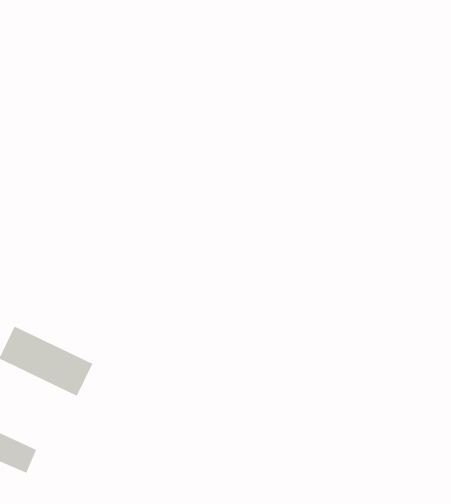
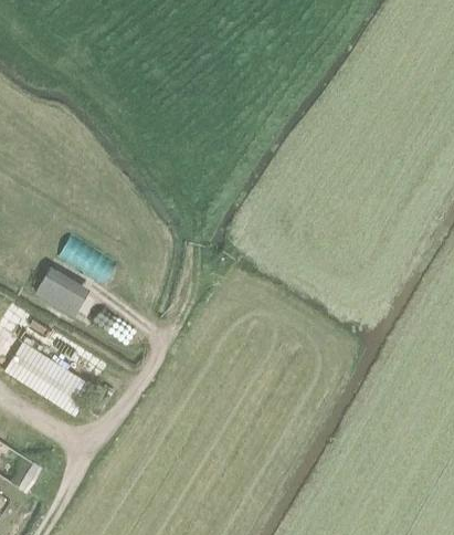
building: none -> [34,268,91,315]

